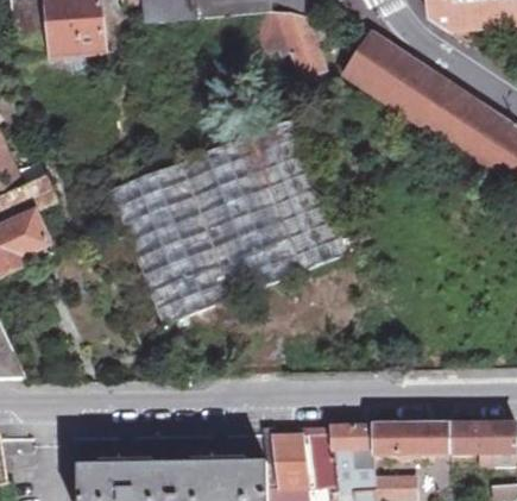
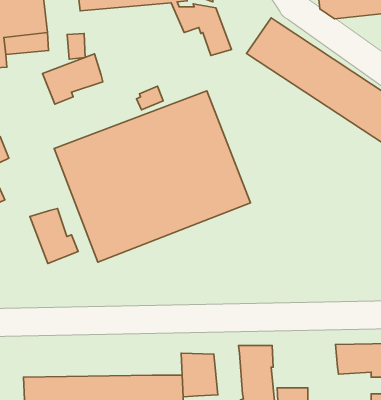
building: none -> [42,54,103,104]
building: none -> [30,208,78,264]
building: [373,422,452,450] -> none
building: [303,433,338,483] -> none

